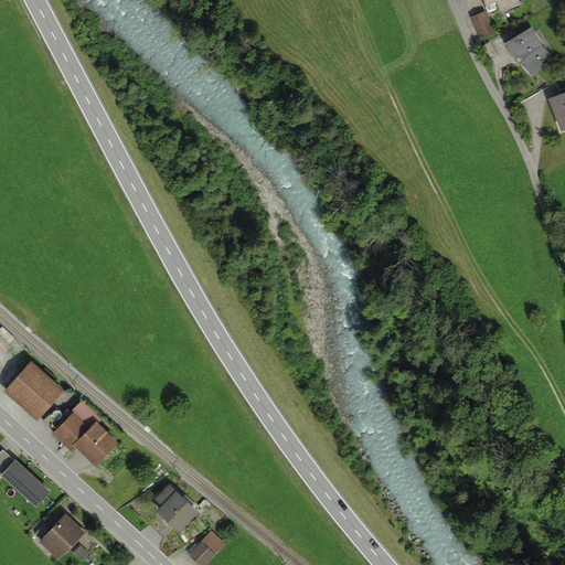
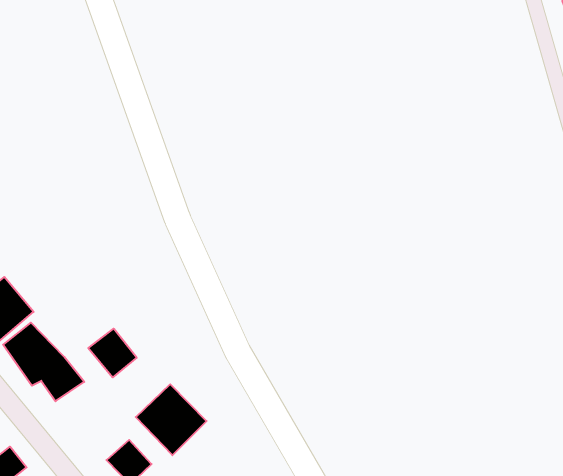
building: none -> [88,329,137,377]
building: none -> [136,384,207,455]

